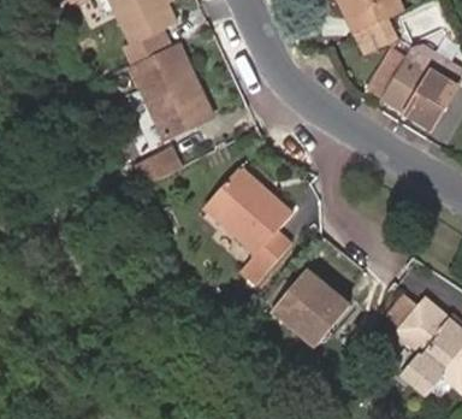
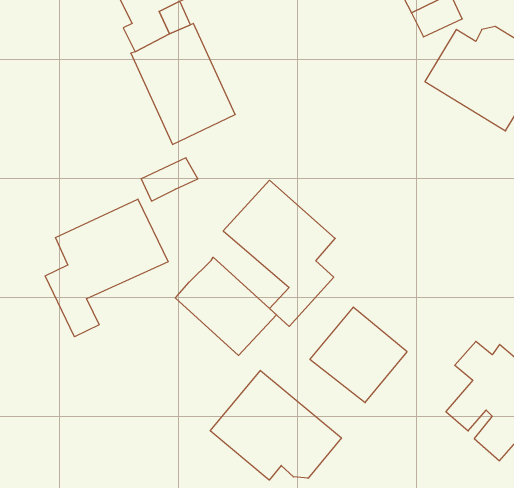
building: none -> [45,199,168,337]
building: none -> [175,257,277,355]
building: none -> [210,370,341,480]

